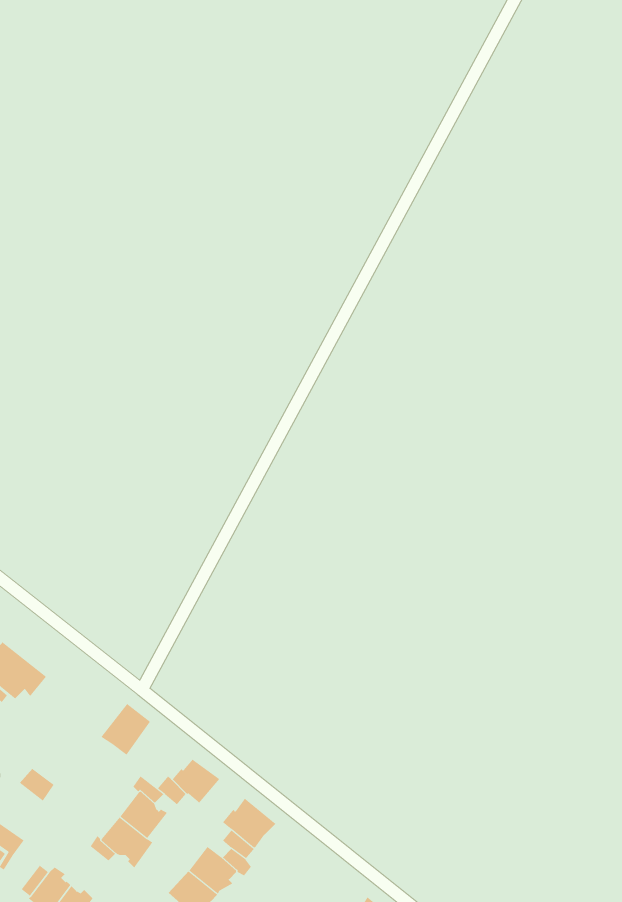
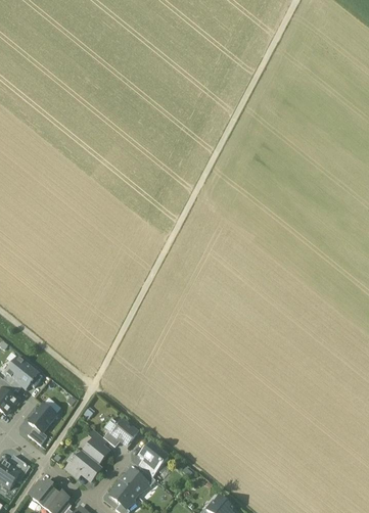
building: [101,703,151,755] -> [28,404,55,432]

